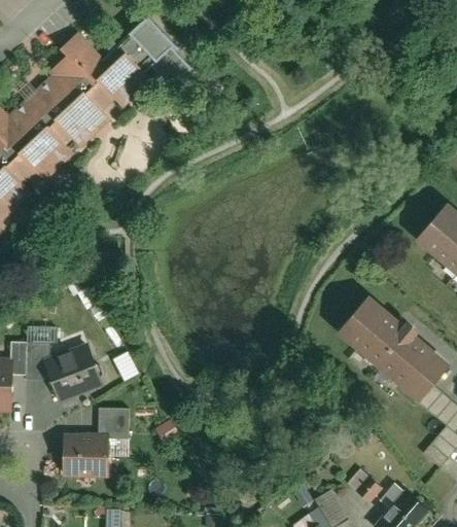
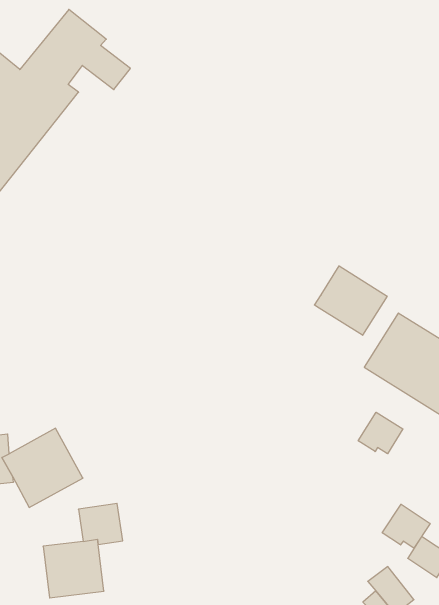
building: none -> [314,266,387,335]
building: none -> [358,412,403,454]
building: none -> [382,504,430,548]

